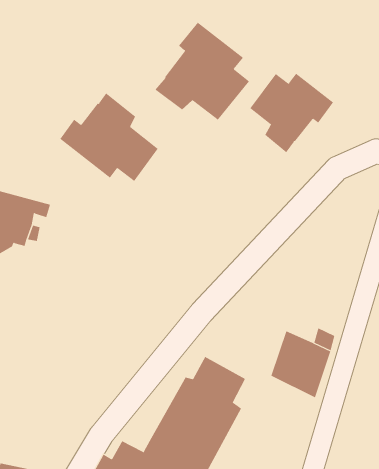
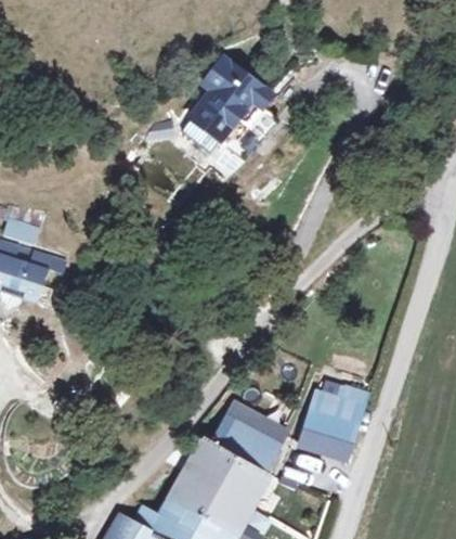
building: [250,73,334,153] -> none
building: [59,92,159,182] -> none

